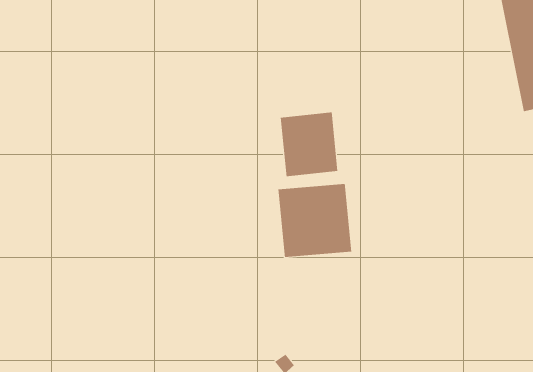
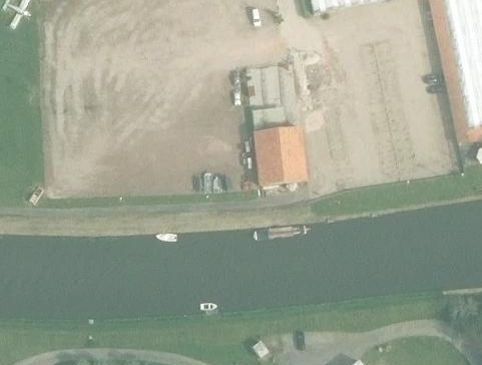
building: [278,183,352,258] -> none

